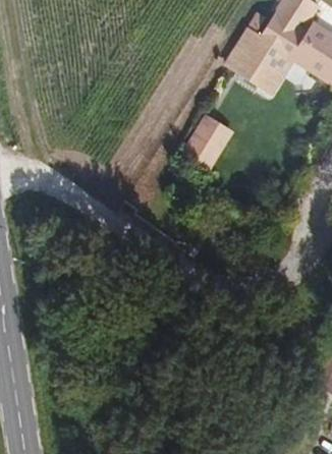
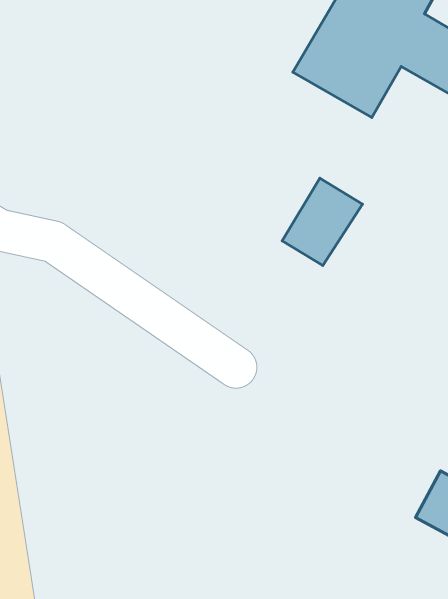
building: [177,113,233,174] -> [282,178,362,266]

